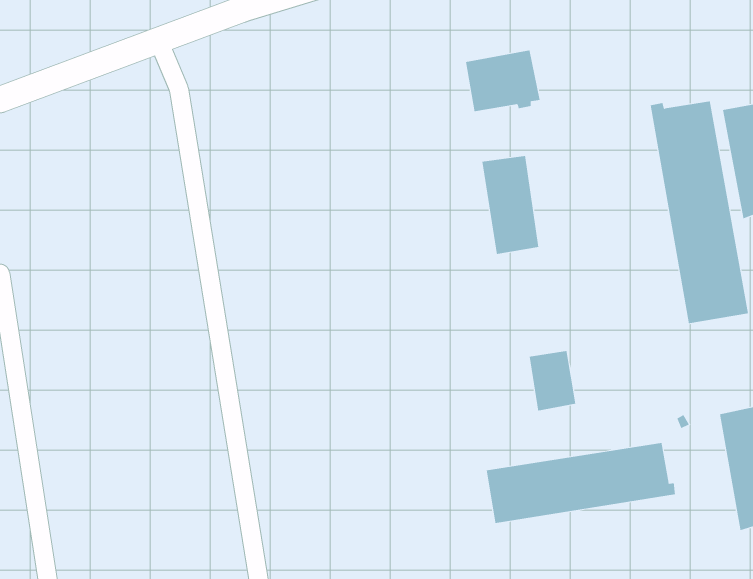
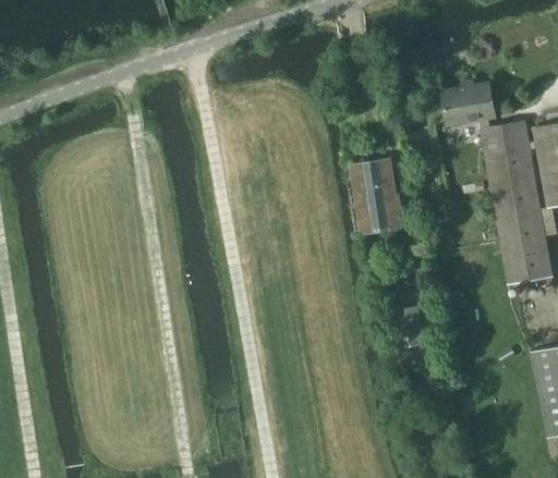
building: [465,50,540,112] -> [440,79,496,125]
building: [486,442,676,524] -> none

